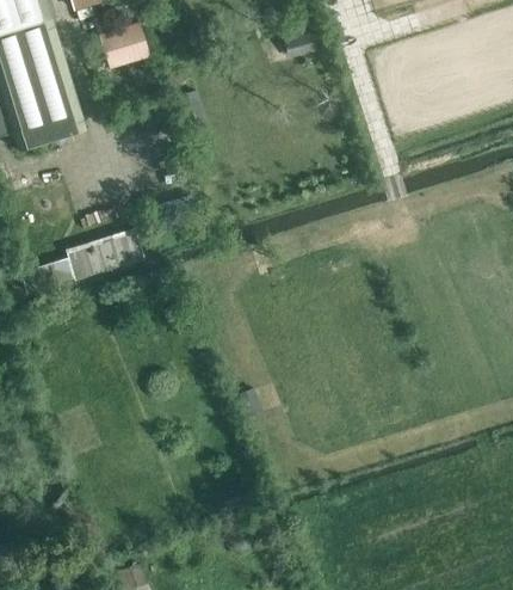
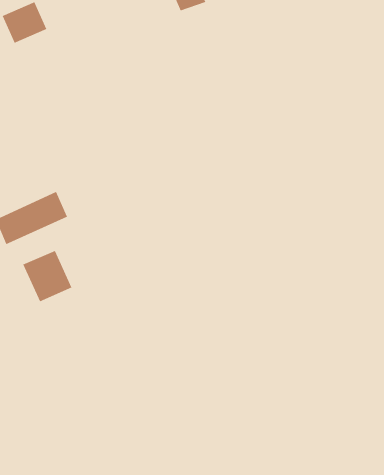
building: none -> [22,250,72,302]

